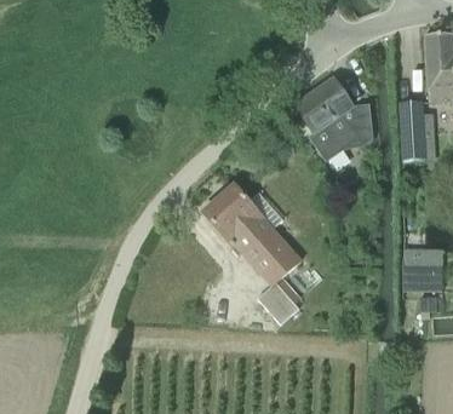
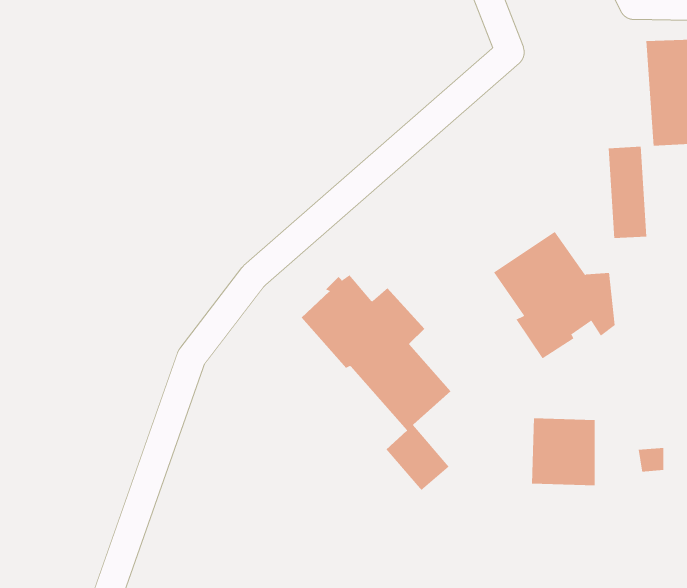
building: [293,77,372,160] -> [493,231,615,359]
building: [402,246,443,289] -> [531,418,595,486]

